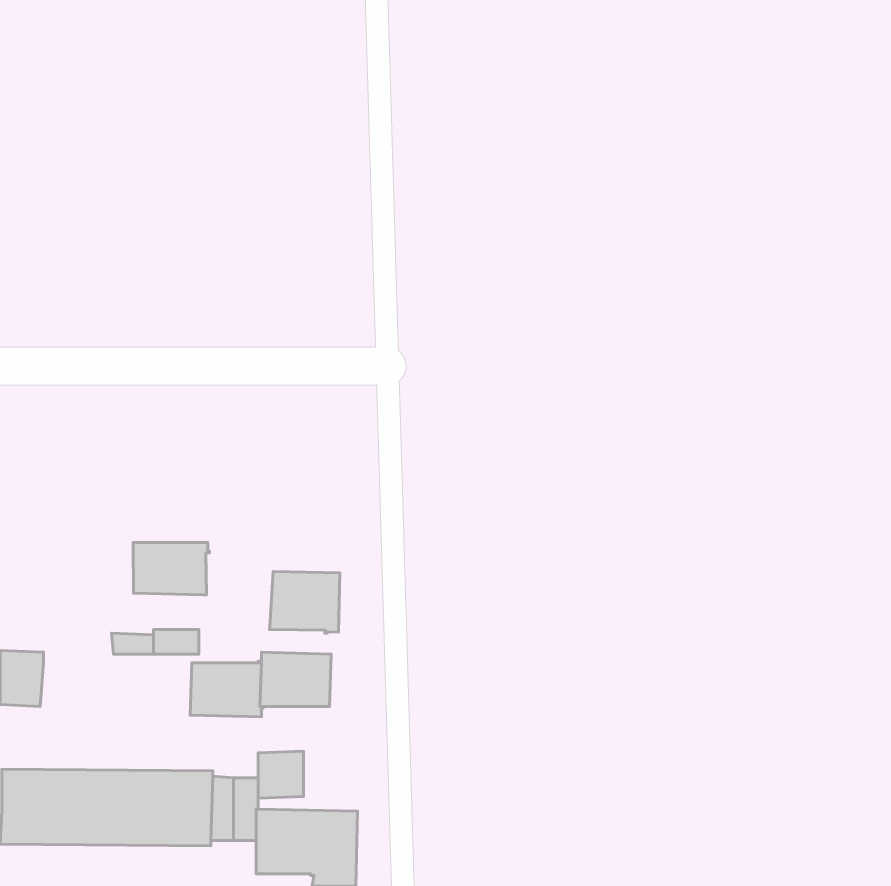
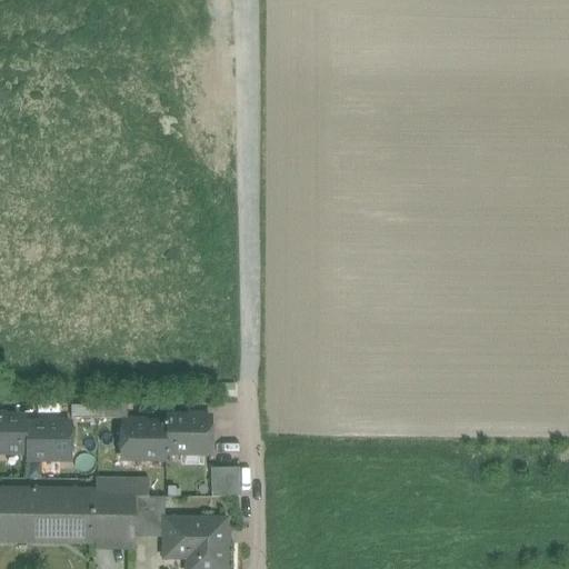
building: [133,543,210,595] -> none
building: [270,571,340,633] -> none
building: none -> [26,422,71,458]
building: [258,751,303,798] -> [211,466,240,496]

